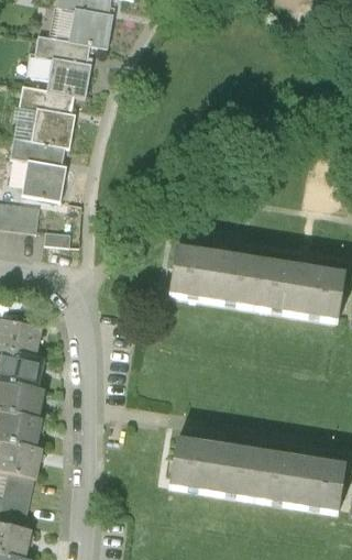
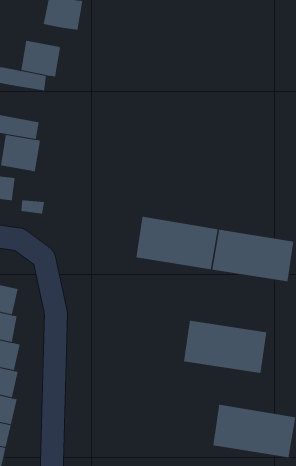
building: [34,32,90,62] -> none
building: [30,105,75,145] -> none
building: [168,438,260,496] -> [183,320,267,374]

